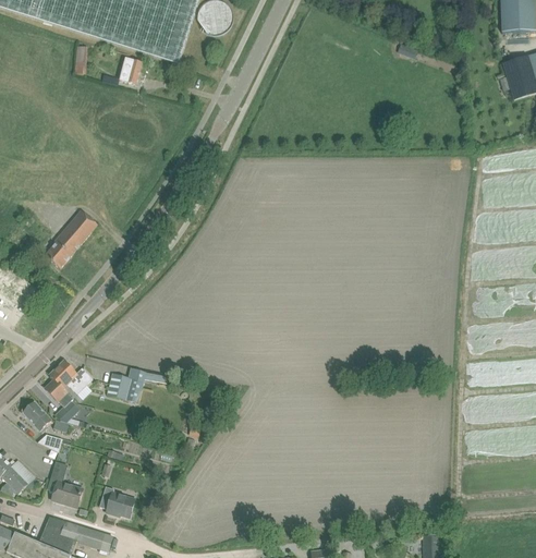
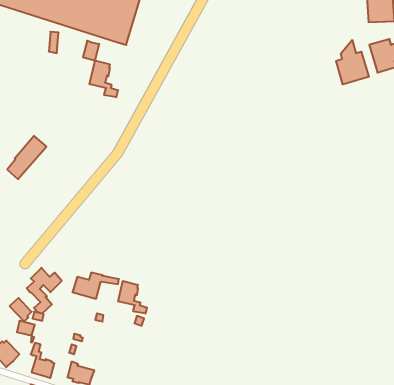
building: none -> [336,40,369,84]
building: none -> [90,60,118,97]
building: [45,210,97,268] -> [7,136,46,179]
building: none -> [118,281,147,314]

